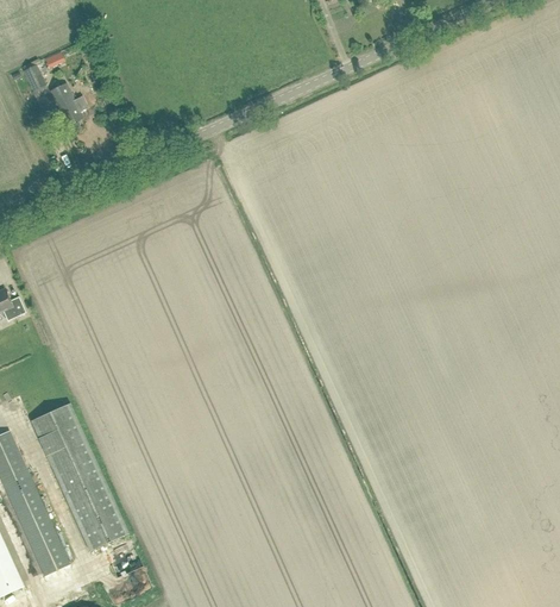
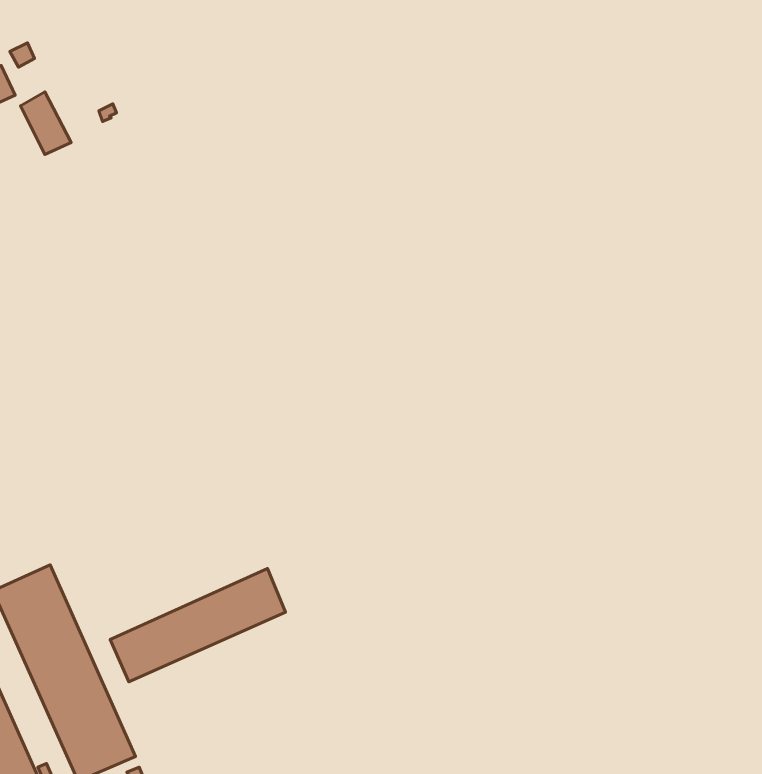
building: none -> [110,568,285,682]

